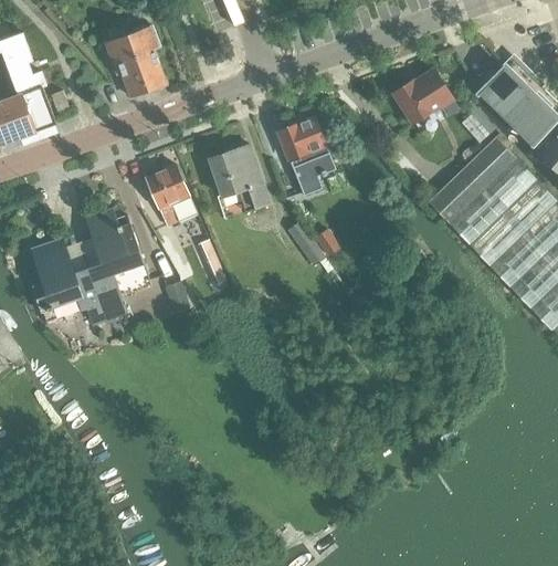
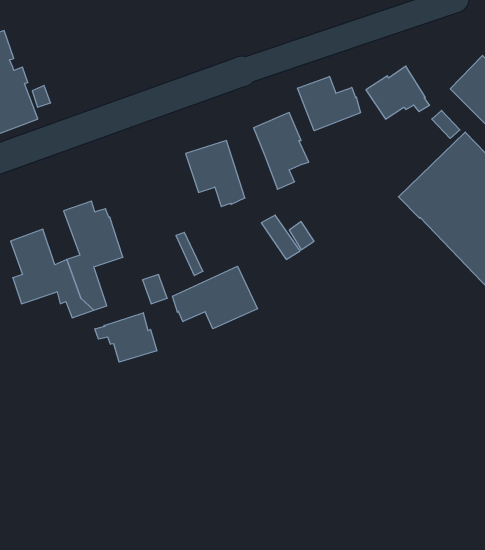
building: [106,23,167,96] -> none
building: none -> [298,76,361,131]
building: [145,164,197,227] -> none
building: none -> [173,266,257,329]
building: none -> [95,313,157,362]

